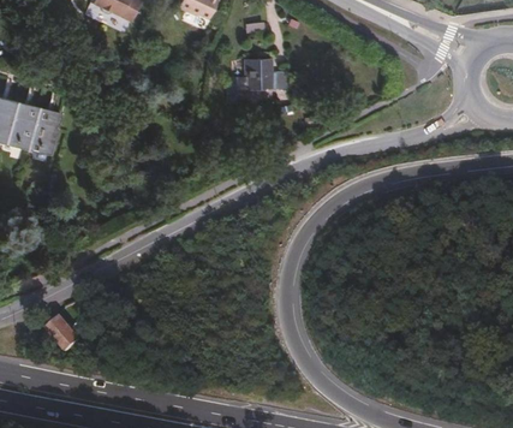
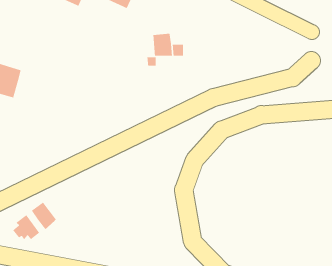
building: none -> [31,201,57,230]

